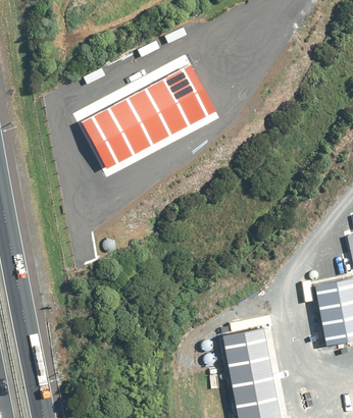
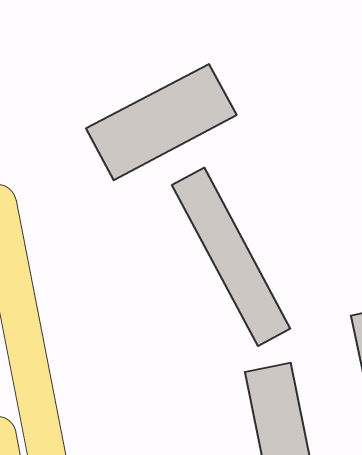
building: none -> [172,168,290,346]

